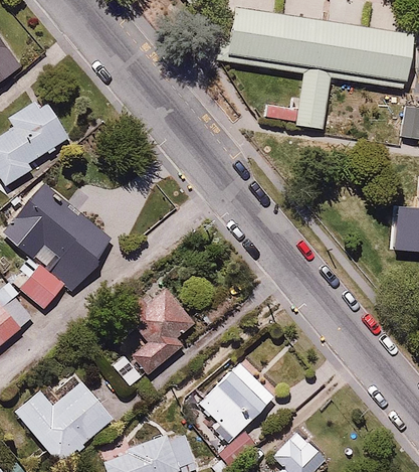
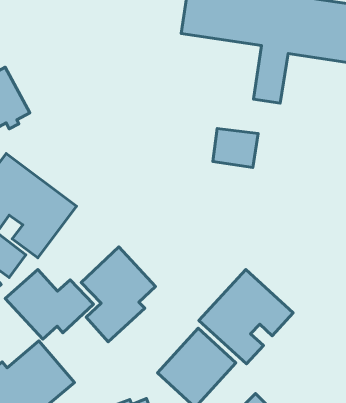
building: none -> [213,128,258,168]
building: none -> [5,269,94,339]
building: none -> [199,269,293,364]

